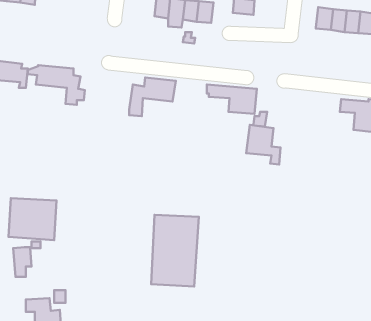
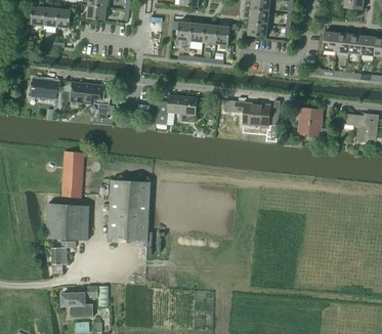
building: [246,125,280,165] -> [298,107,329,142]
building: none -> [61,151,84,197]
building: [151,215,199,286] -> [108,178,151,243]

